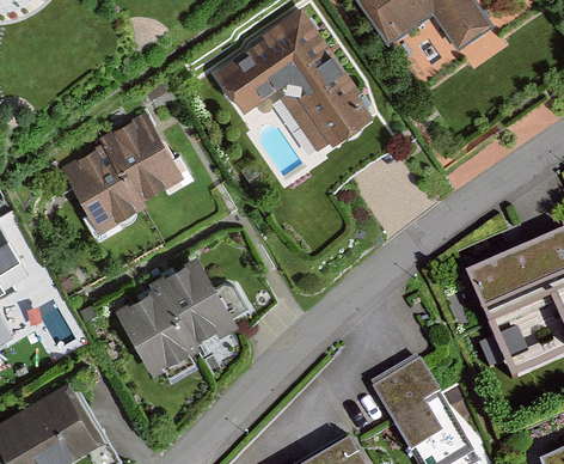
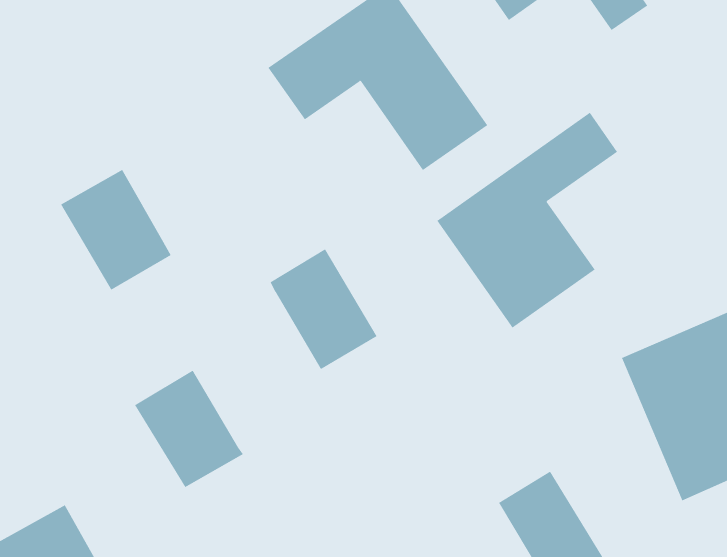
building: none -> [437,112,618,328]
building: [106,114,180,195] -> none
building: [158,256,234,342] -> [270,248,378,370]

